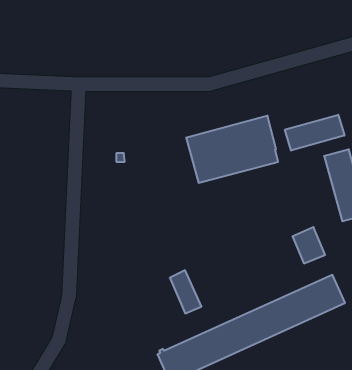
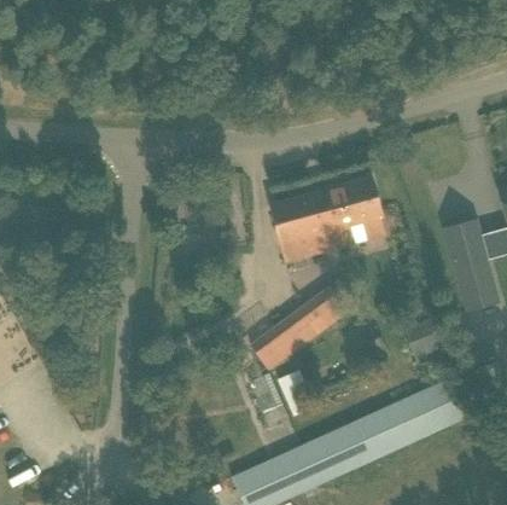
building: [285,115,344,151] -> none
building: none -> [251,286,348,368]

